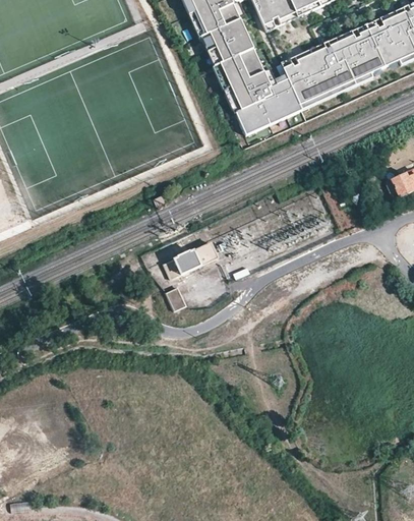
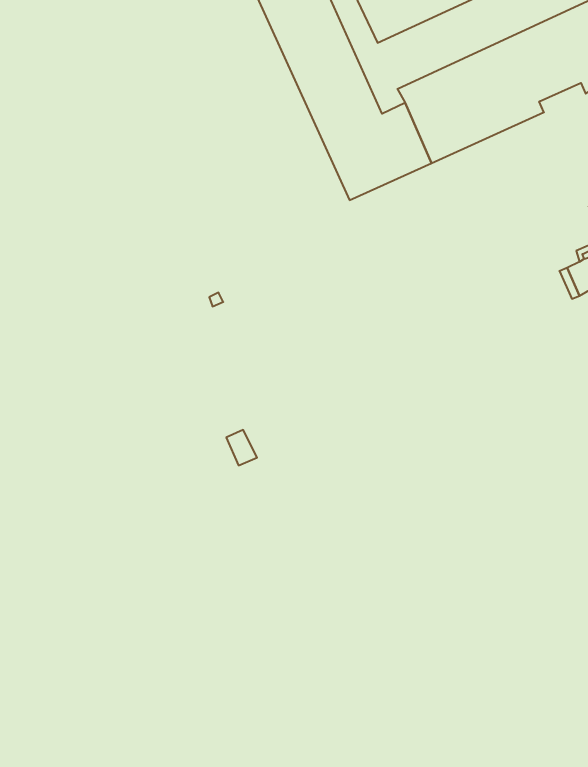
building: [164,242,218,279] -> none

